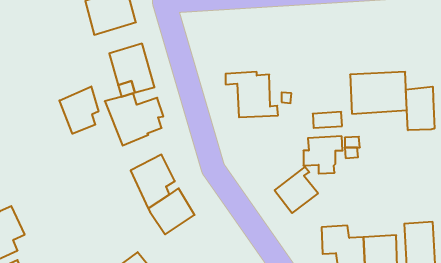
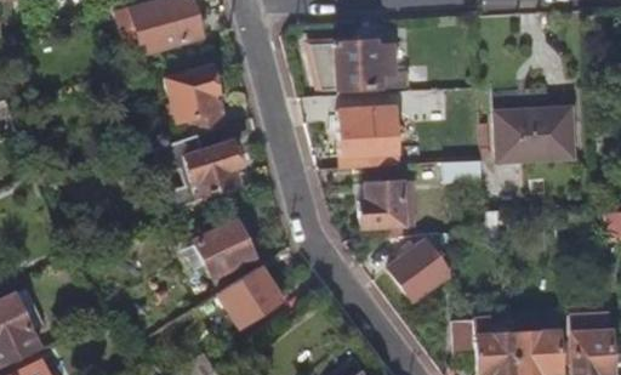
building: none -> [310,39,408,89]
building: [59,86,98,134] -> none
building: [406,87,434,130] -> none
building: [303,136,343,174] -> [363,187,416,238]

